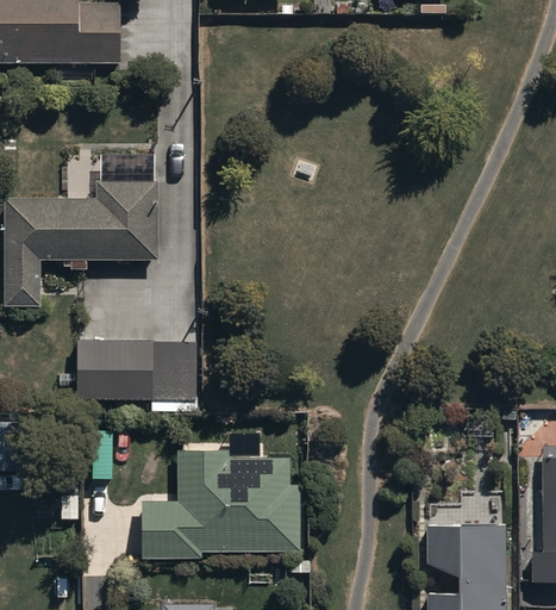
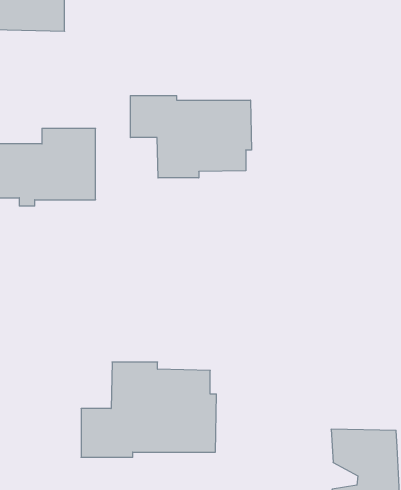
building: none -> [130,96,251,178]
building: [77,336,198,397] -> none

